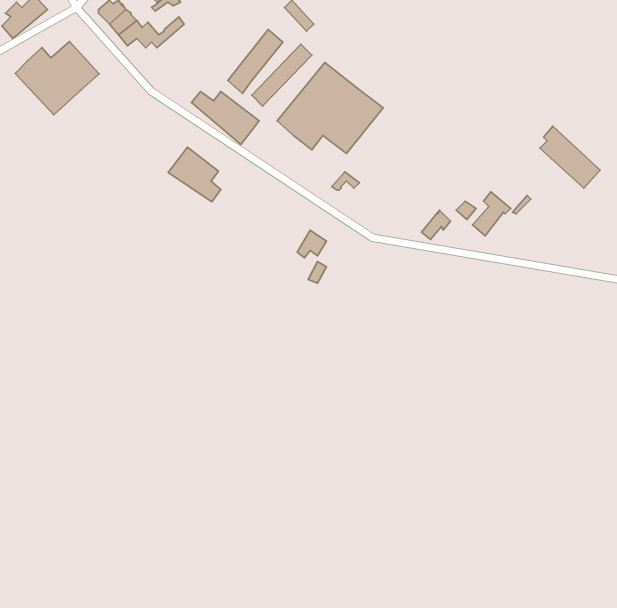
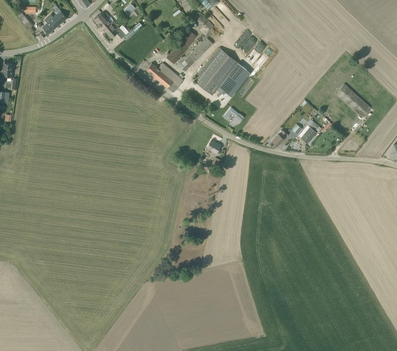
building: [15,41,99,115] -> none
building: [168,147,221,202] -> none

